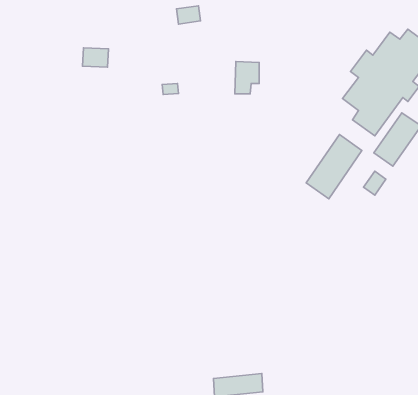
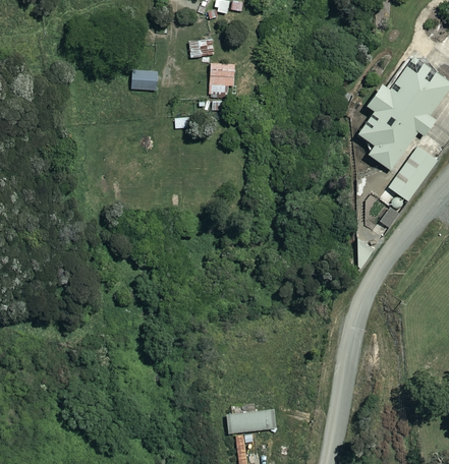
building: [82,48,109,67] -> [130,70,157,90]
building: [235,61,259,94] -> [209,63,233,96]
building: [306,135,362,199] -> none

